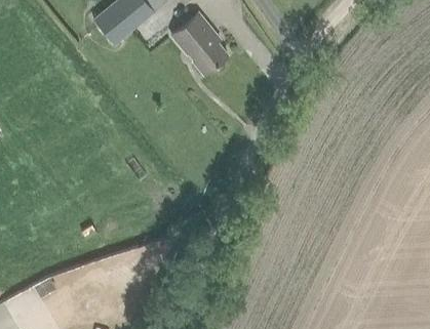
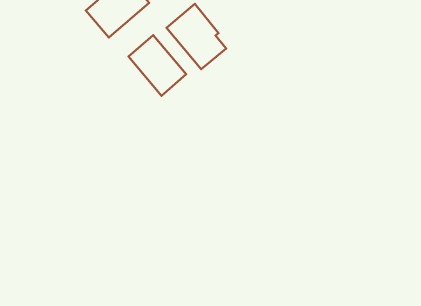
building: none -> [128,35,186,96]

